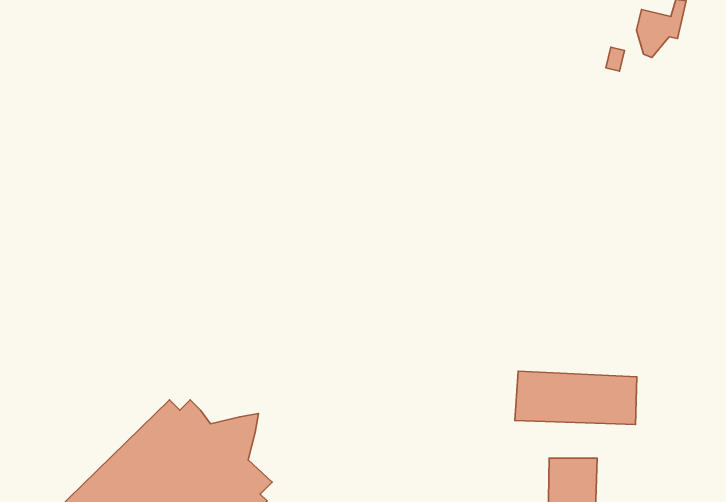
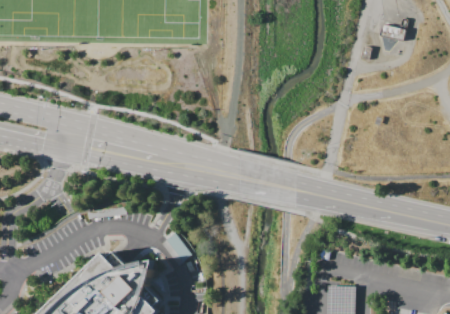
building: [515,371,637,424] -> none

